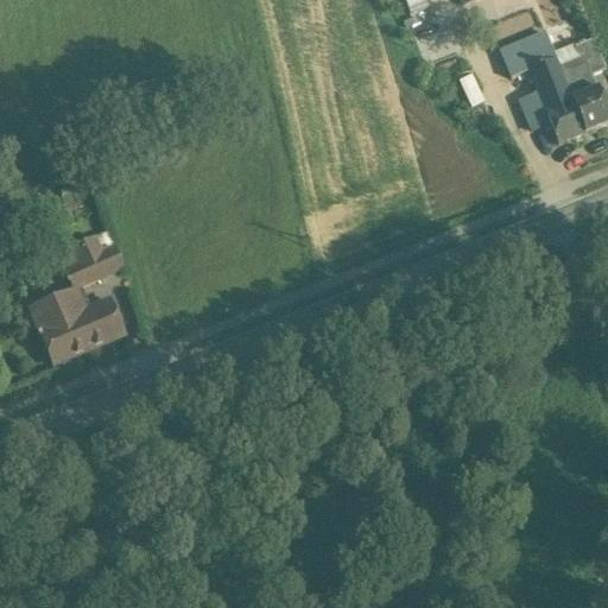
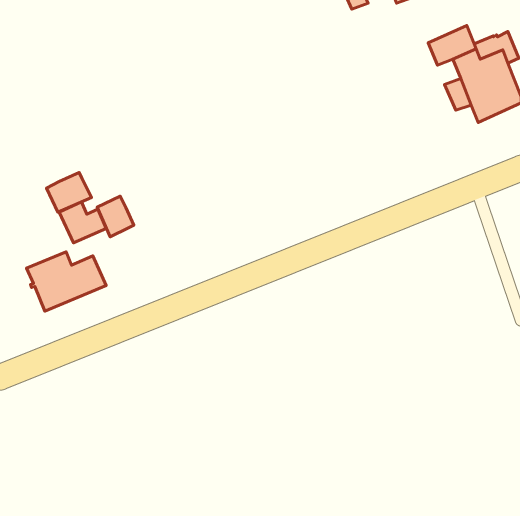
building: none -> [46,173,91,212]
building: none -> [97,196,134,237]

